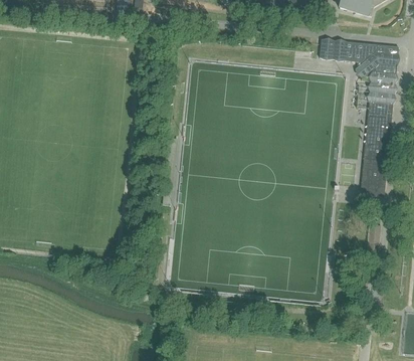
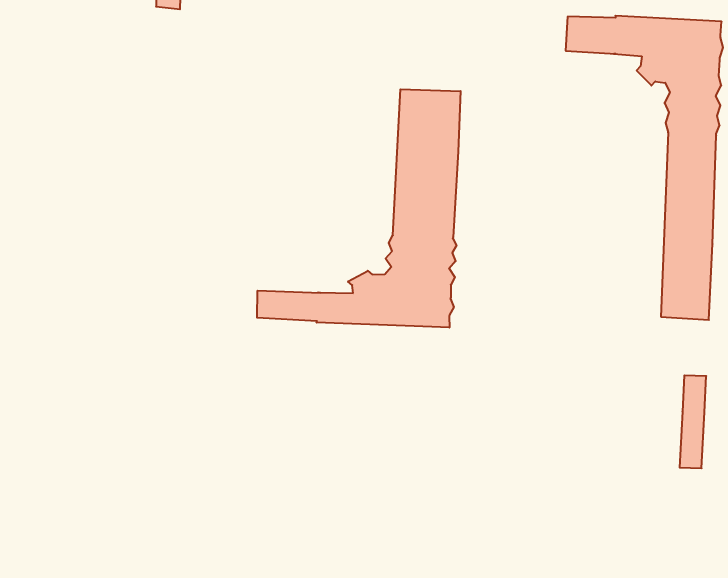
building: none -> [257,89,461,328]

